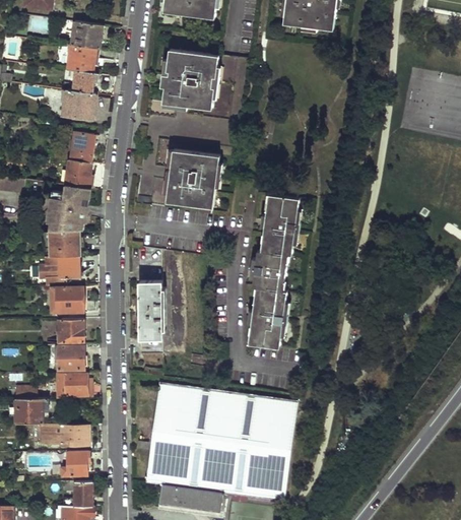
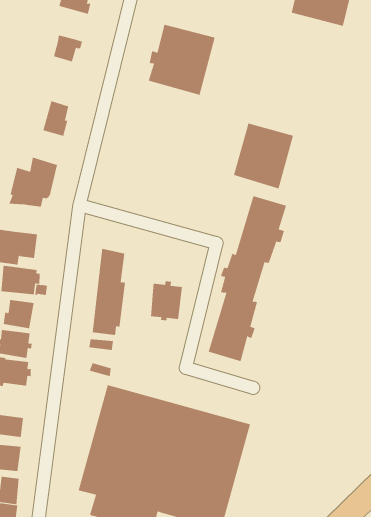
building: [66,45,98,73] -> none
building: [60,90,92,121] -> none
building: [170,151,220,208] -> [233,123,294,189]
building: [63,160,90,190] -> none
building: [48,231,78,256] -> none
building: none -> [151,281,182,321]

